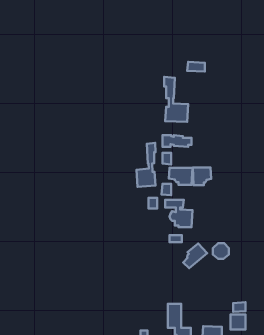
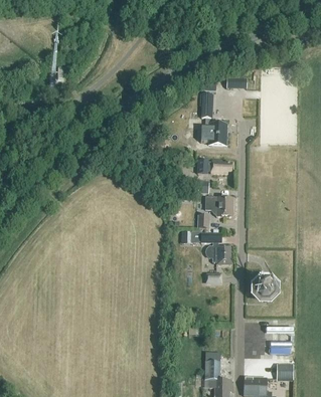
building: [137,143,156,187] -> none
building: [193,168,211,185] -> none
building: [183,244,207,268] -> none

